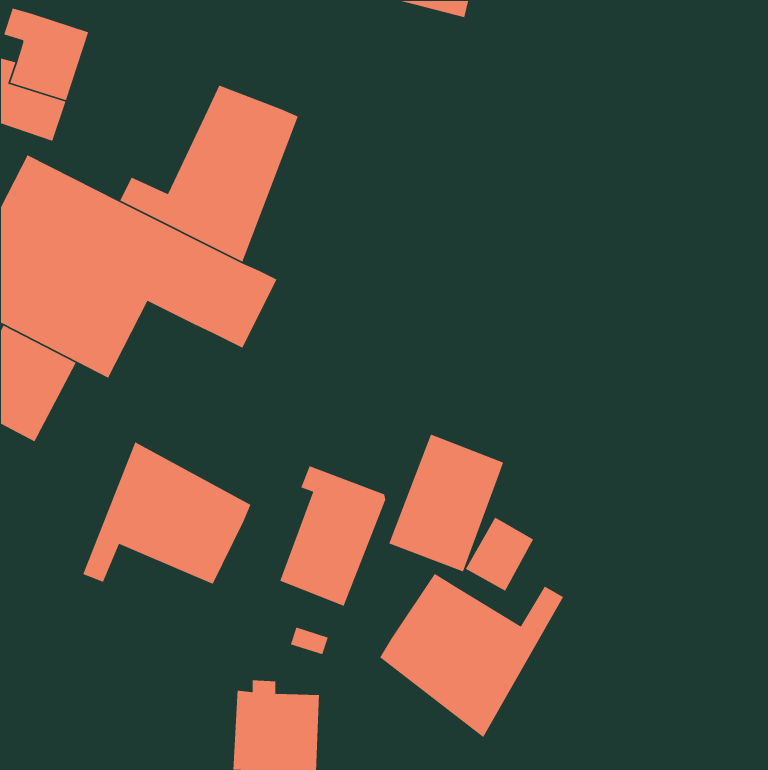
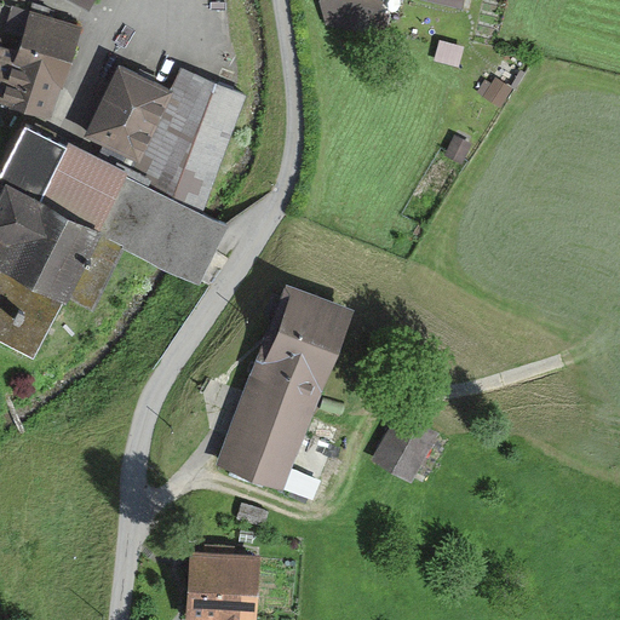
building: none -> [86,67,168,156]
building: [388,434,504,572] -> [251,286,344,397]
building: [82,441,251,585] -> none
building: [379,573,564,738] -> none

